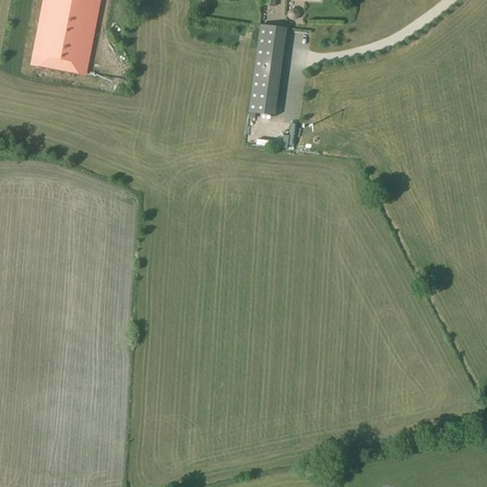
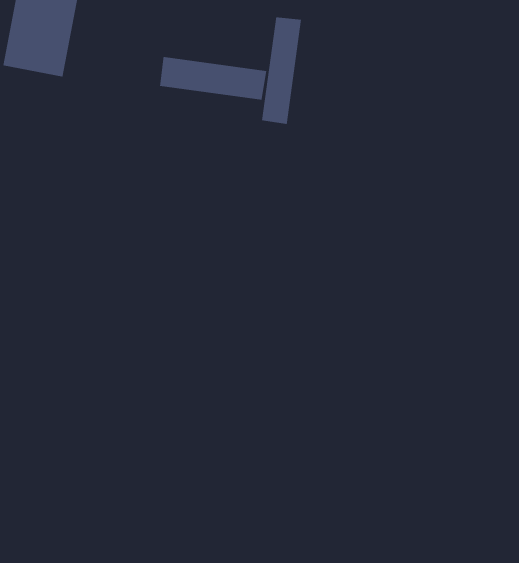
building: none -> [159,56,267,100]

